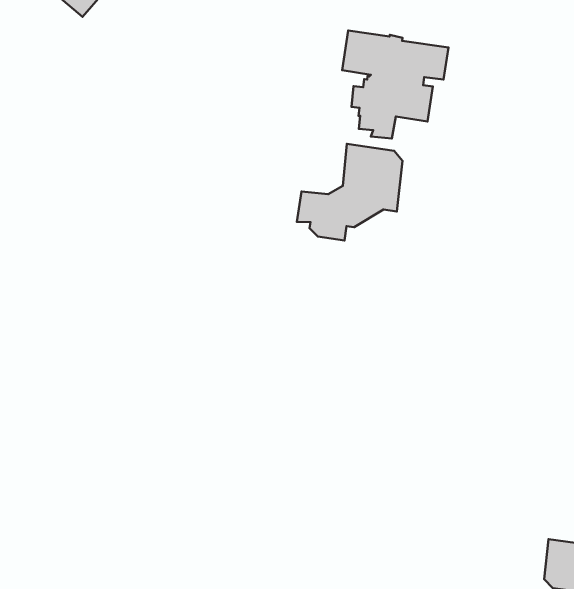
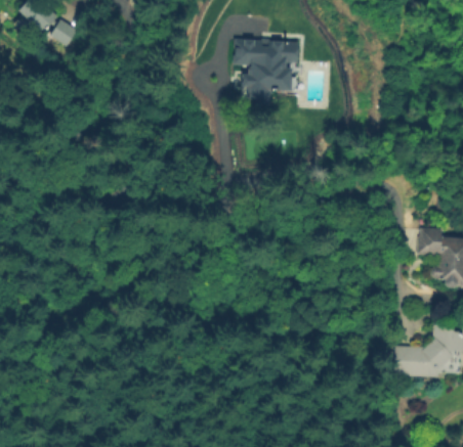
building: [297,144,402,241] -> none

